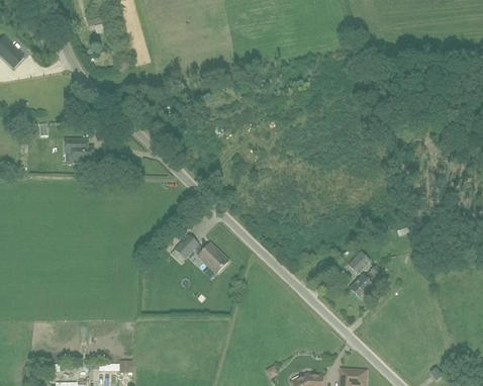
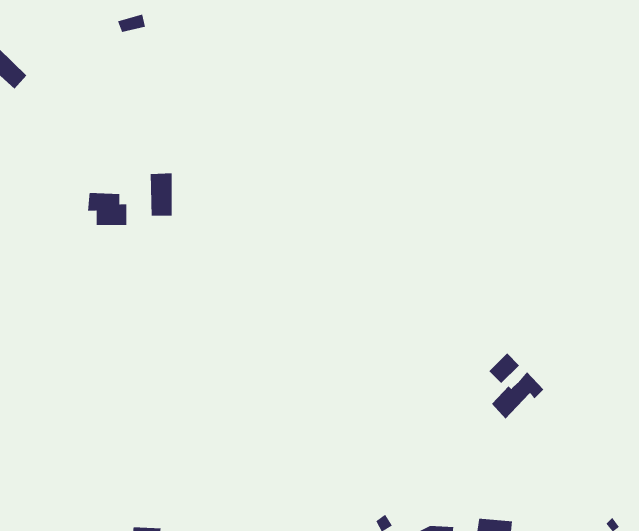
building: none -> [150,173,172,217]
building: [174,232,227,273] -> none

